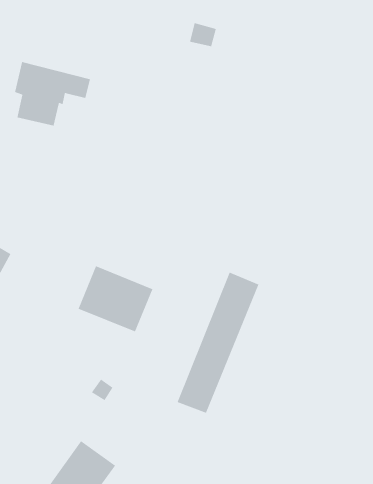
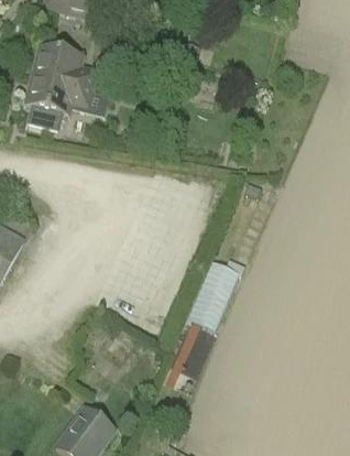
building: none -> [32,44,97,89]
building: [78,265,154,333] -> none

